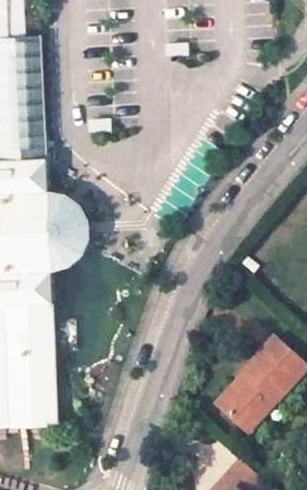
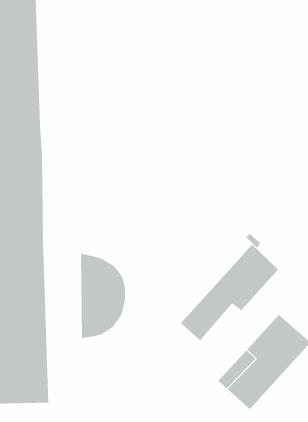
building: [48,188,92,270] -> [80,253,126,339]
building: none -> [180,244,279,341]

